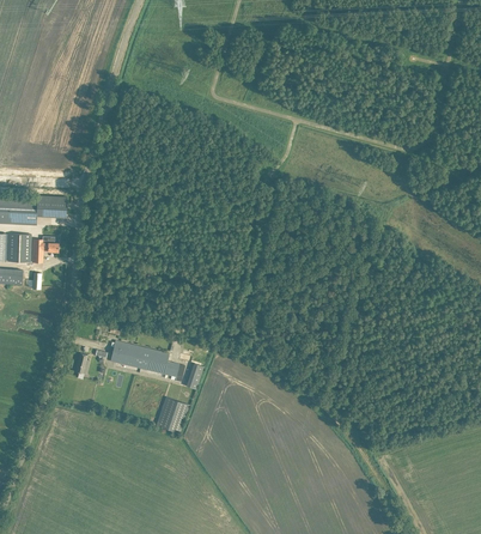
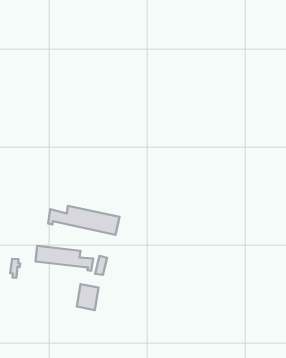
building: none -> [48,206,119,235]

